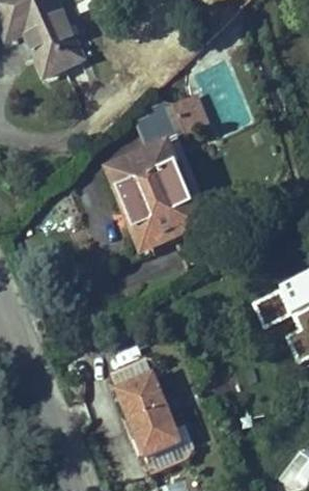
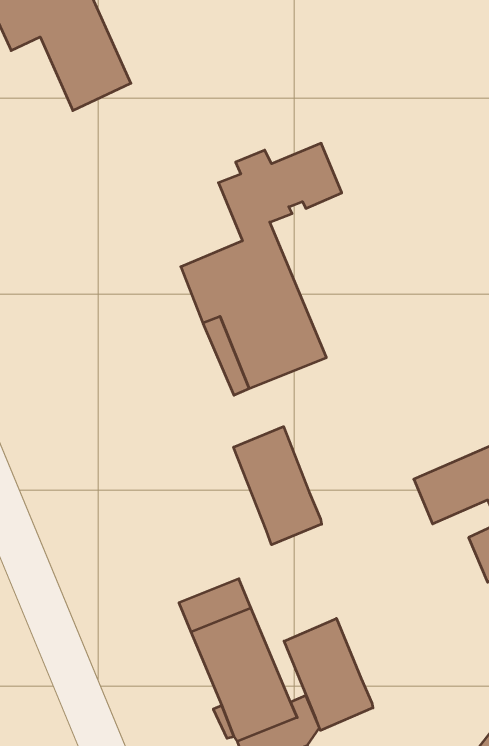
building: none -> [234,427,322,545]
building: none -> [284,618,373,730]

